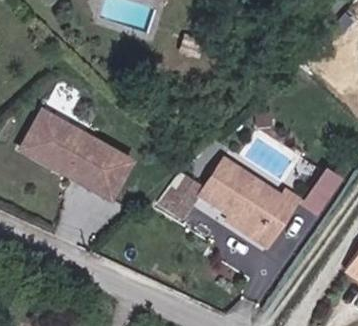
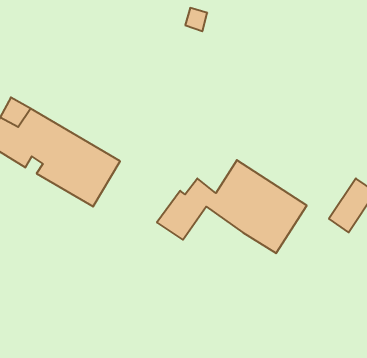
building: [221,199,288,252] -> none

